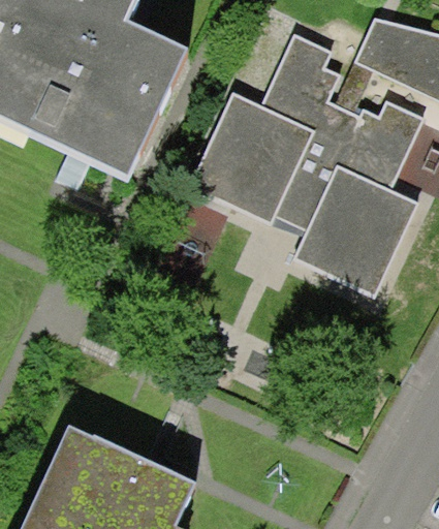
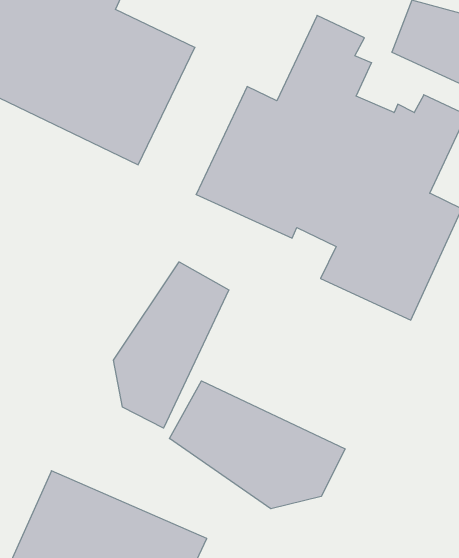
building: none -> [114,262,229,428]
building: none -> [169,381,345,509]

